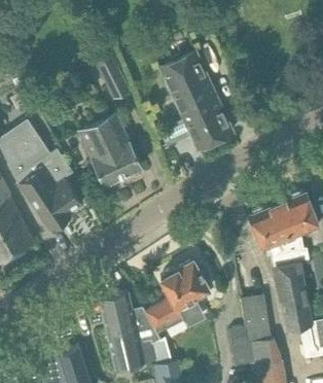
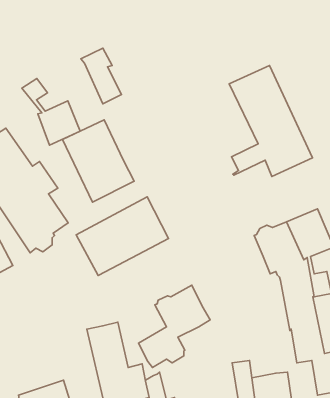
building: [159,51,234,150] -> [229,65,312,176]
building: none -> [22,78,80,145]
building: none -> [76,197,169,276]
building: [241,297,268,344] -> none

